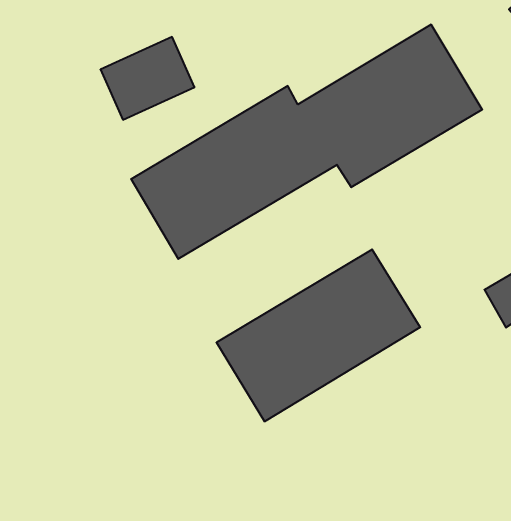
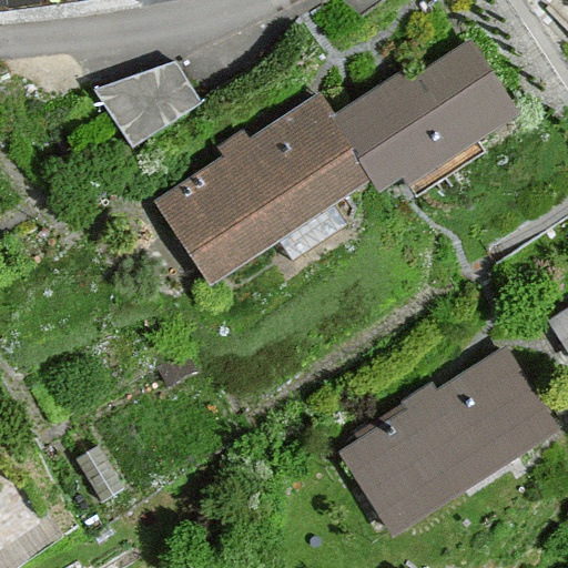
building: [216,249,420,421] -> [323,353,544,539]

